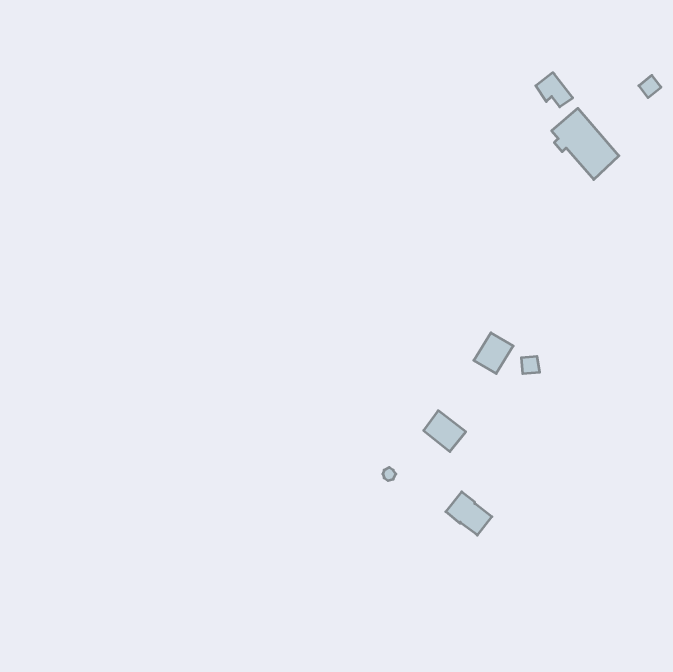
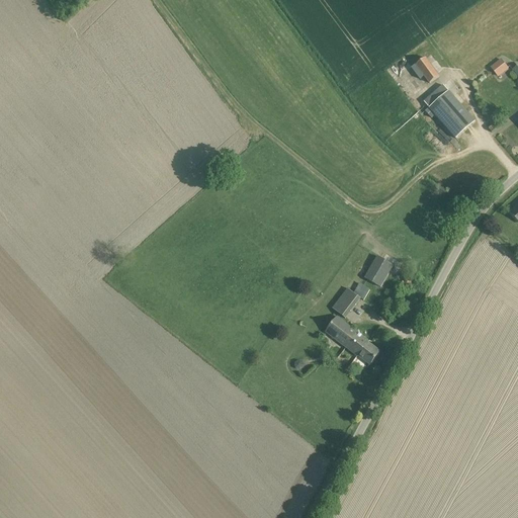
building: none -> [331,282,369,318]
building: [446,492,492,535] -> [345,331,380,364]

